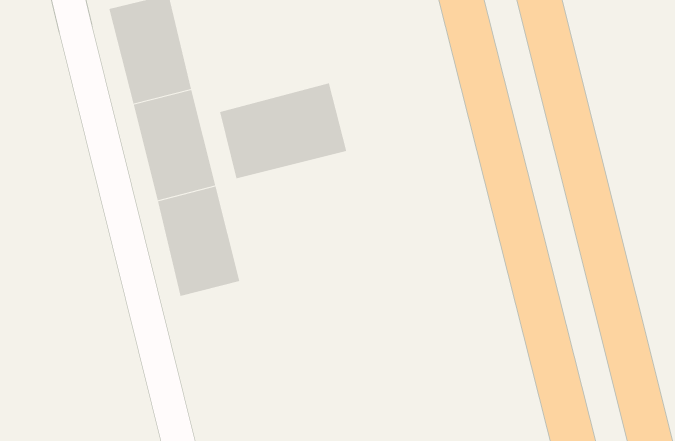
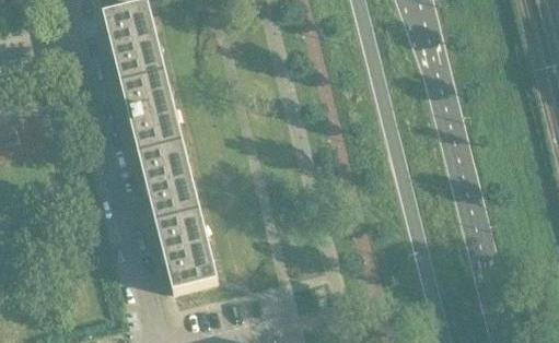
building: [220,82,347,179] -> none
building: none -> [154,208,216,289]

